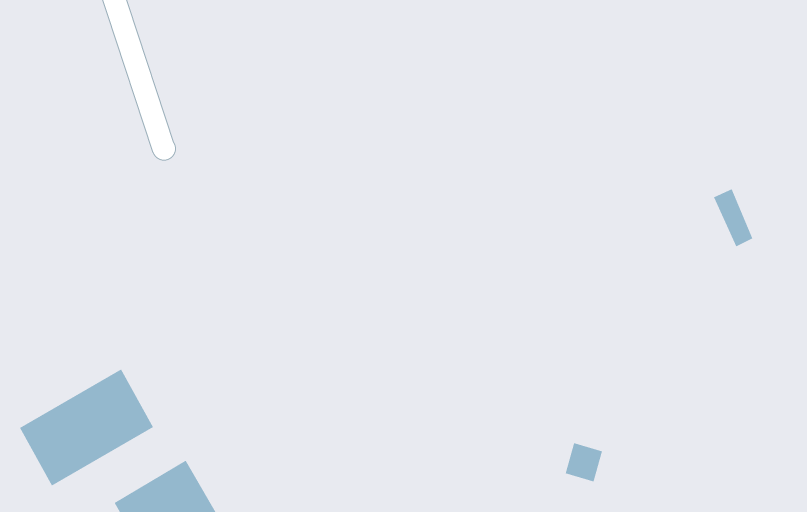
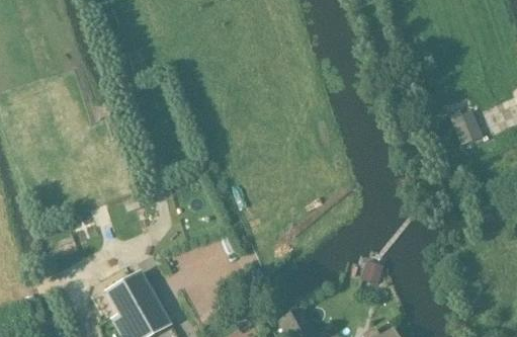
building: [19,369,154,487] -> none

